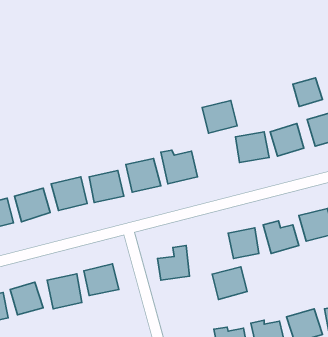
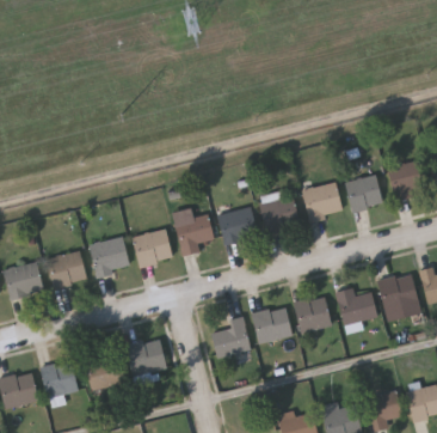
building: [293,78,322,106] -> none
building: [202,100,237,133] -> [259,196,300,234]
building: [212,267,247,300] -> [252,306,293,344]

